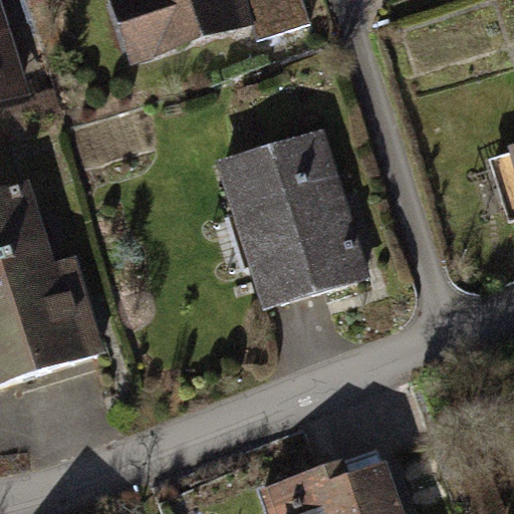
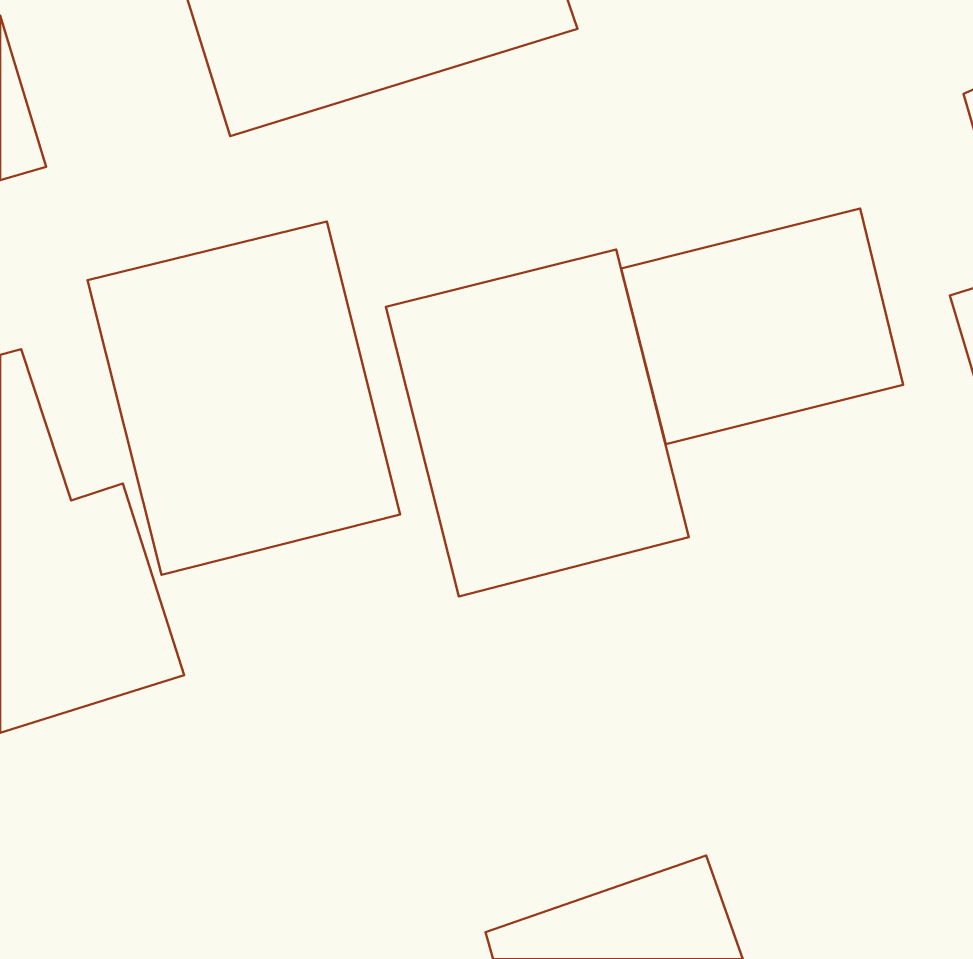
building: none -> [621,209,903,444]
building: none -> [87,222,400,575]

